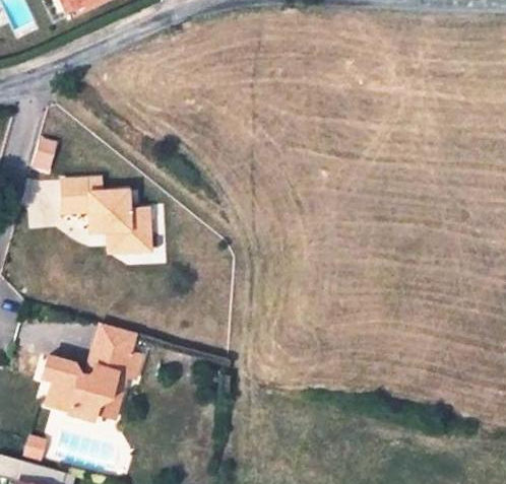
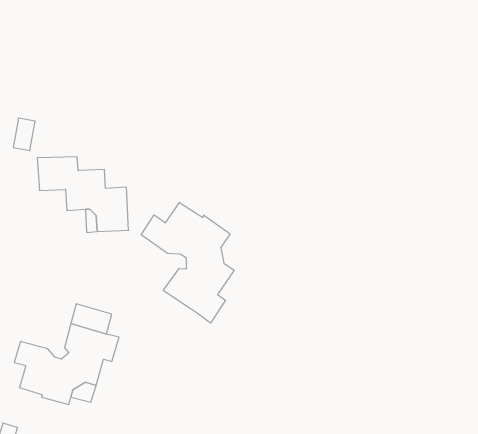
building: none -> [141,202,234,323]

